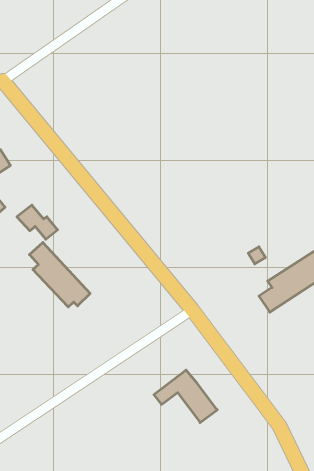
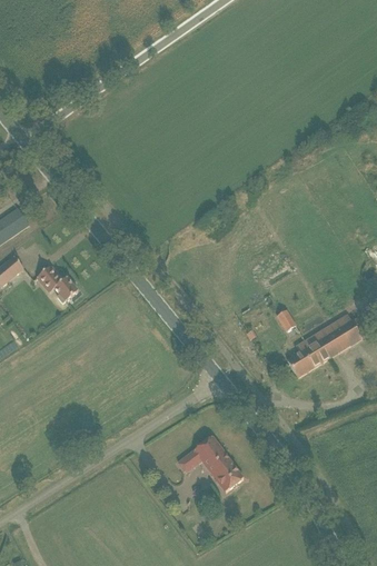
building: [29,242,90,307] -> none

